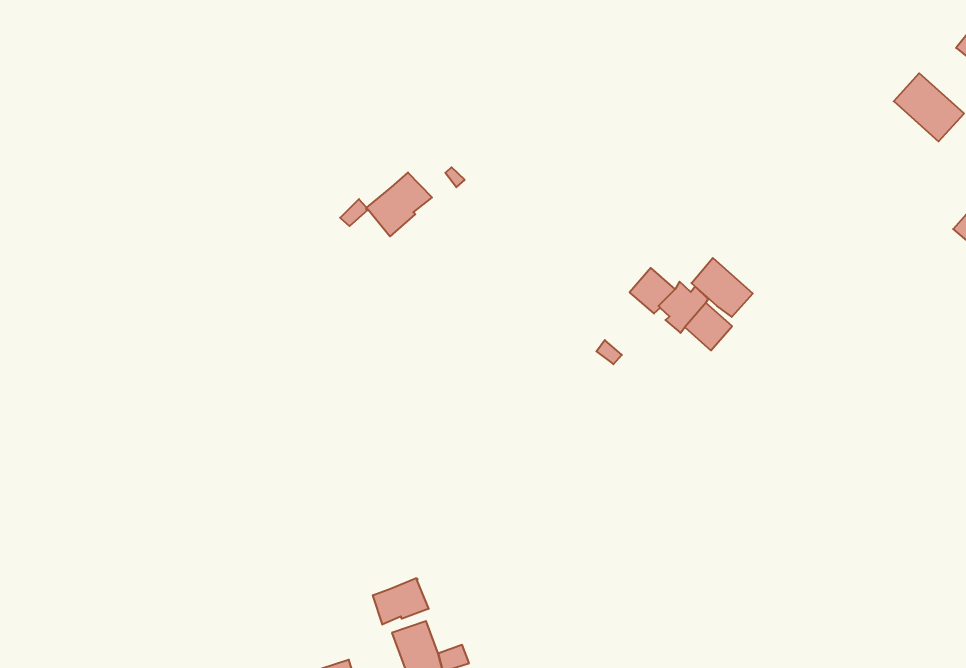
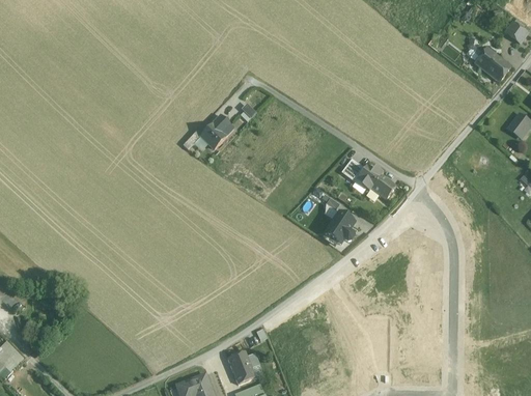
building: [691,258,753,317] -> none
building: none -> [324,210,354,242]
building: [373,578,429,625] -> none

